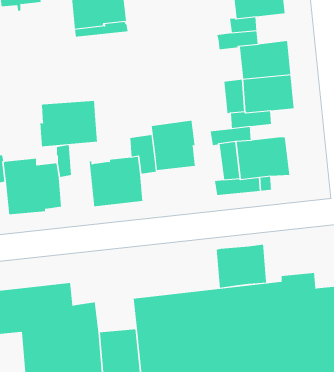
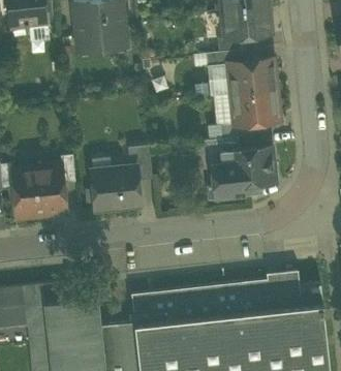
building: [38,100,98,147] -> none
building: [151,120,198,171] -> none
building: [216,244,267,288] -> none

